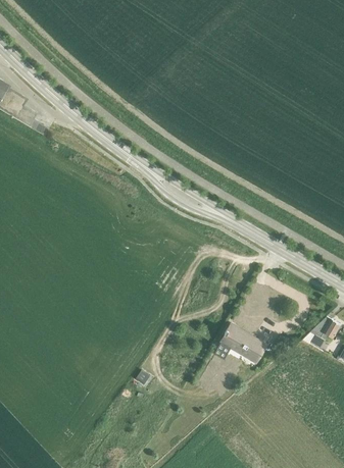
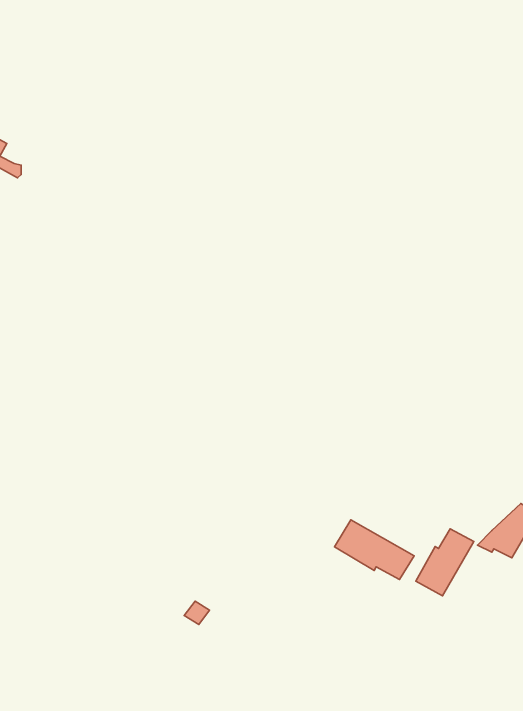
building: none -> [416,529,474,596]

